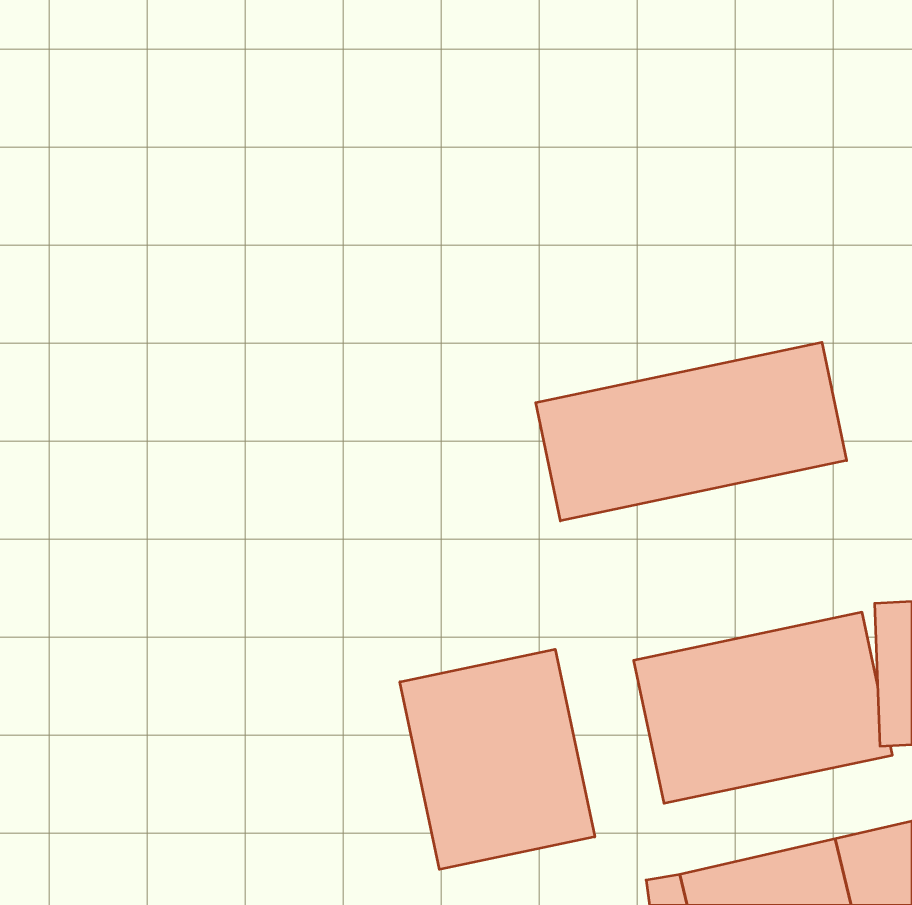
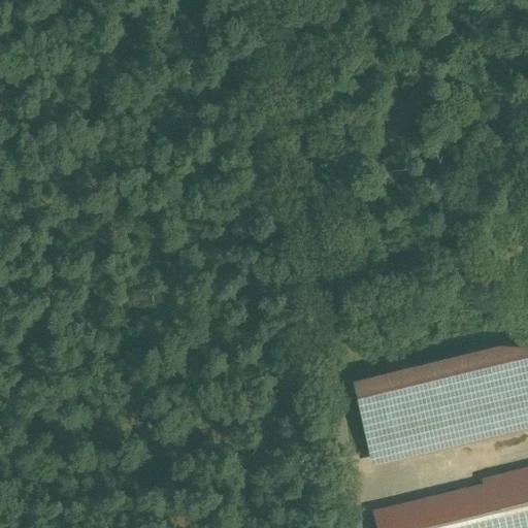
building: [536,342,847,521] -> none
building: [400,649,595,869] -> none

